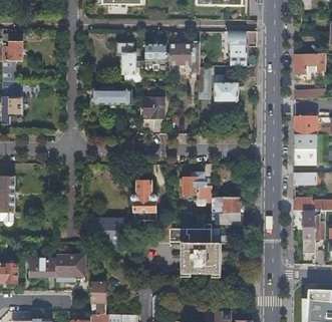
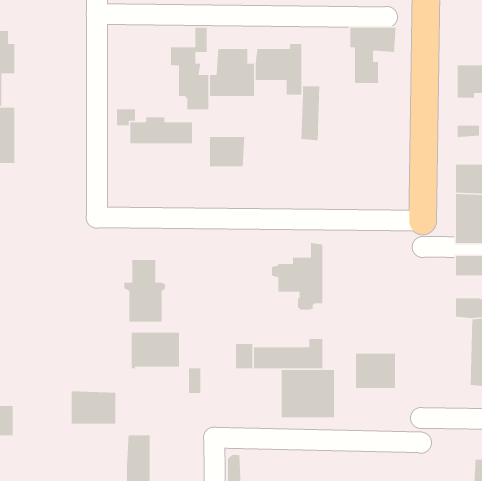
building: [215,75,238,101] -> none
building: [131,181,157,220] -> [123,259,166,323]
building: [215,198,240,220] -> [355,353,396,389]
building: [29,258,56,276] -> none

